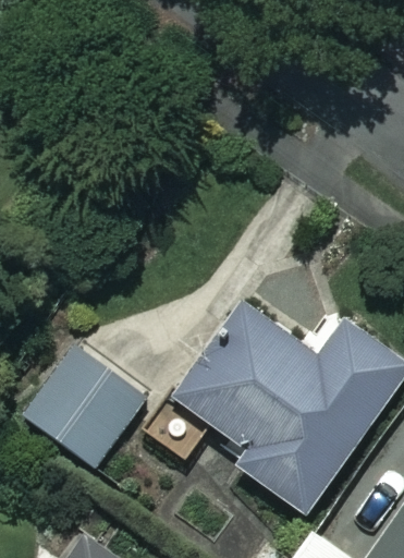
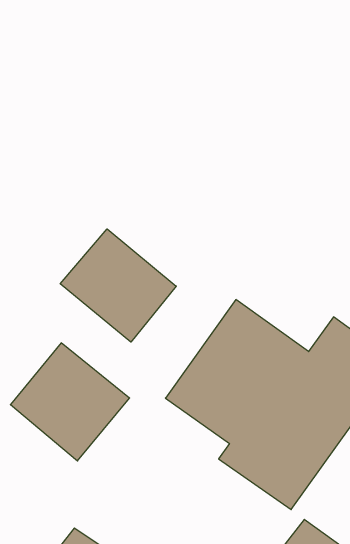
building: none -> [60,229,176,342]

